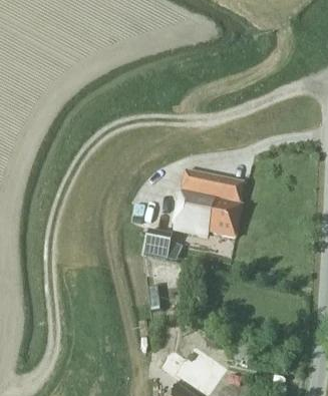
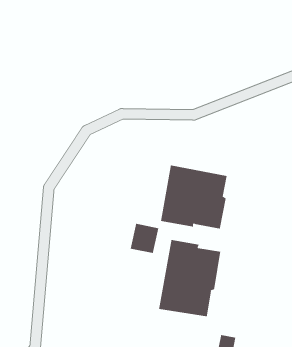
building: none -> [159,239,221,317]

